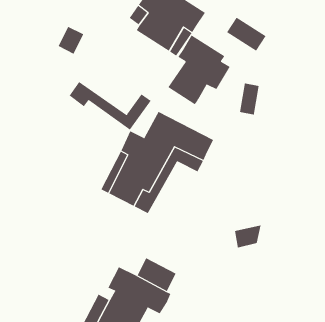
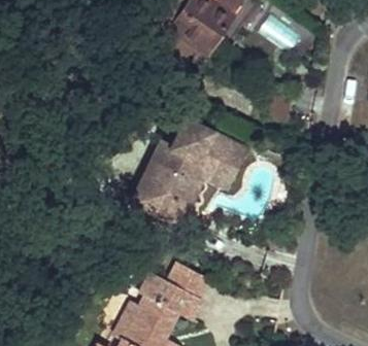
building: [168,35,230,105] -> none
building: [69,81,152,131] -> none

